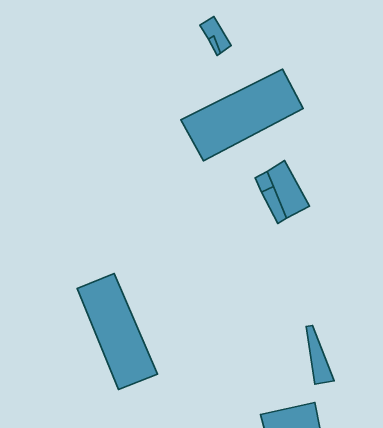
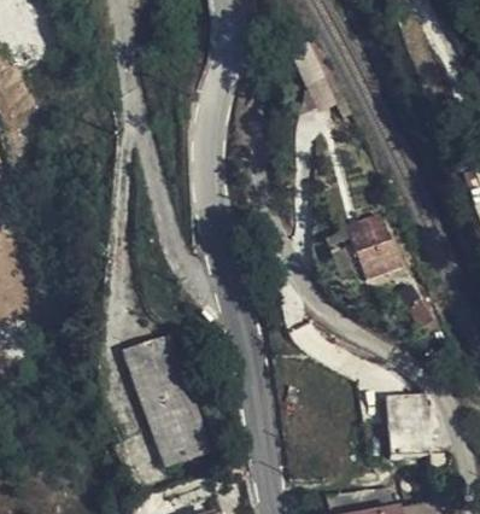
building: [181,69,303,161] -> none
building: none -> [390,392,427,457]

